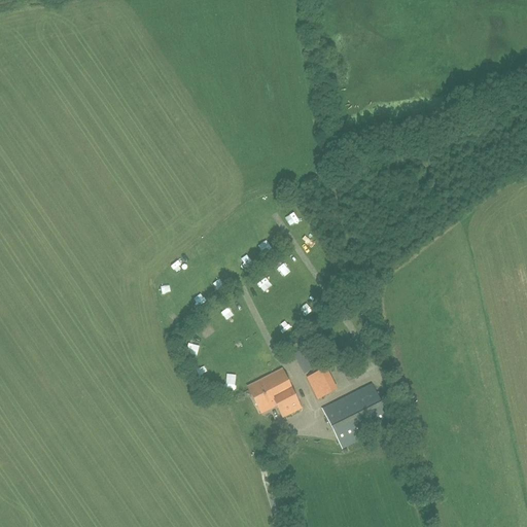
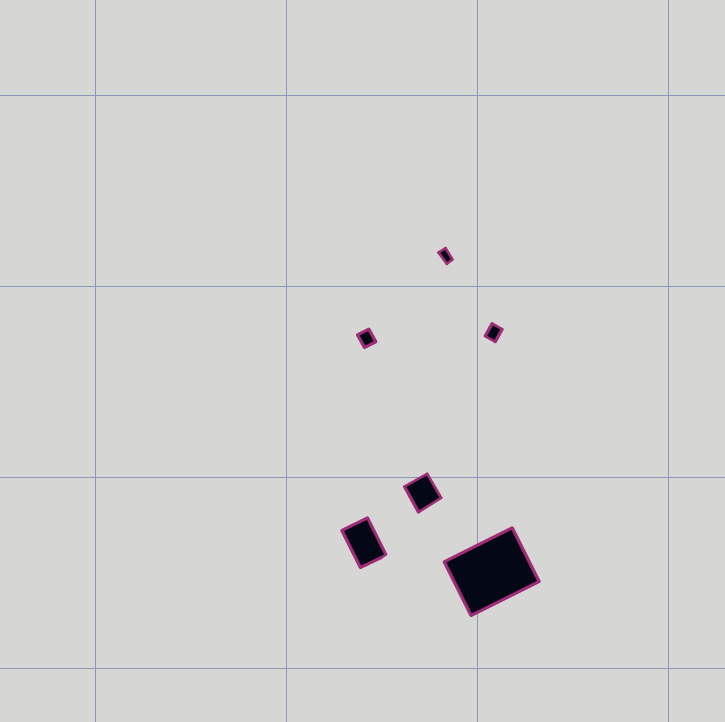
building: [307,366,338,398] -> none
building: [267,368,302,416] -> none

